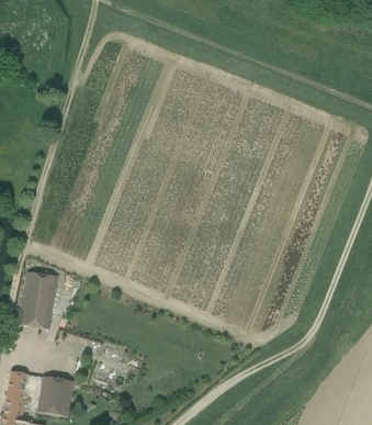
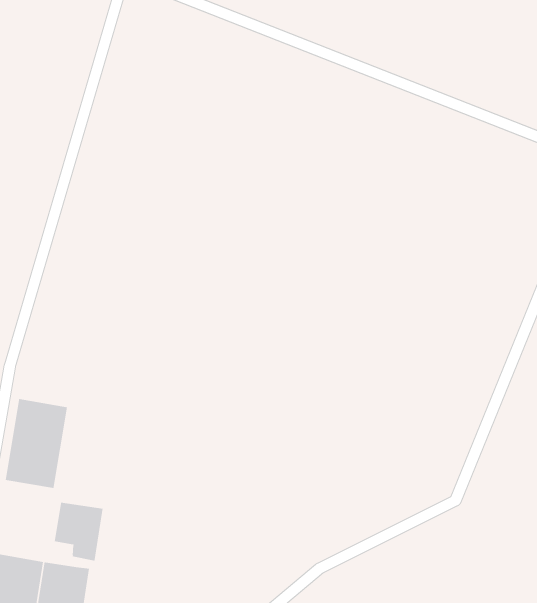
building: none -> [54,502,103,561]

